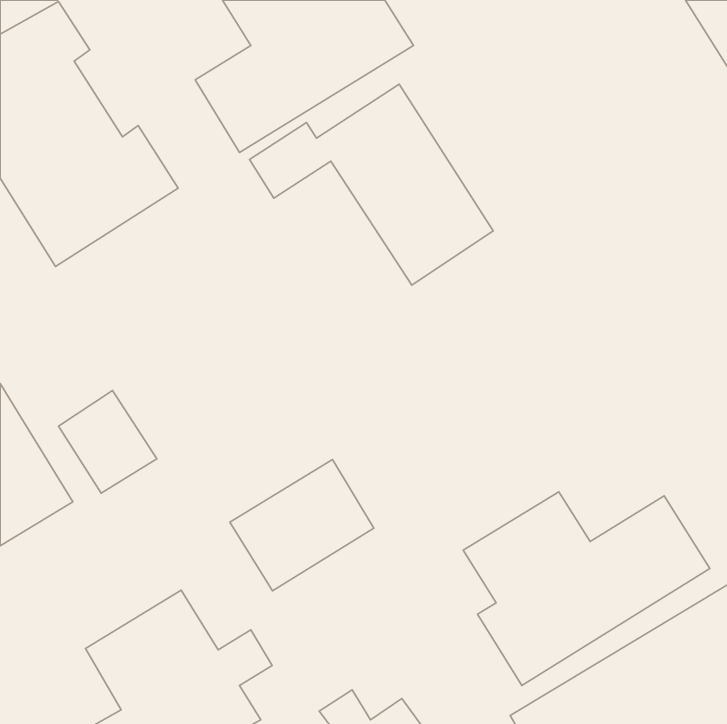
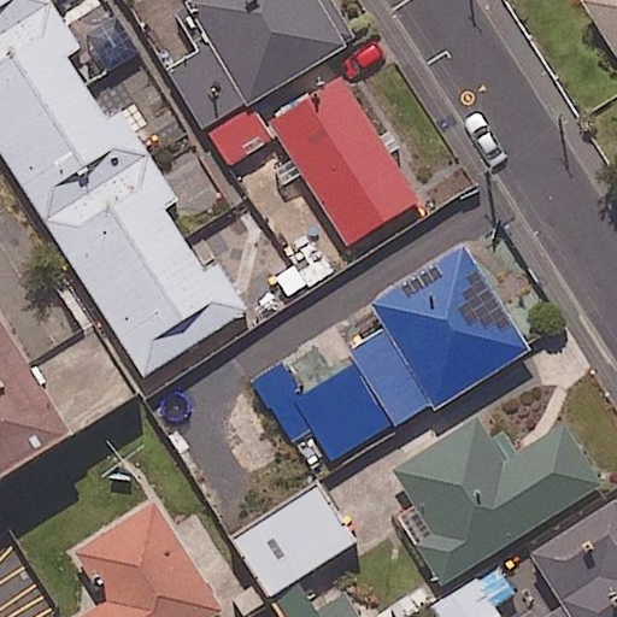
building: none -> [48,163,246,376]
building: none -> [349,246,527,429]
building: [230,460,374,591] -> [231,486,353,597]

